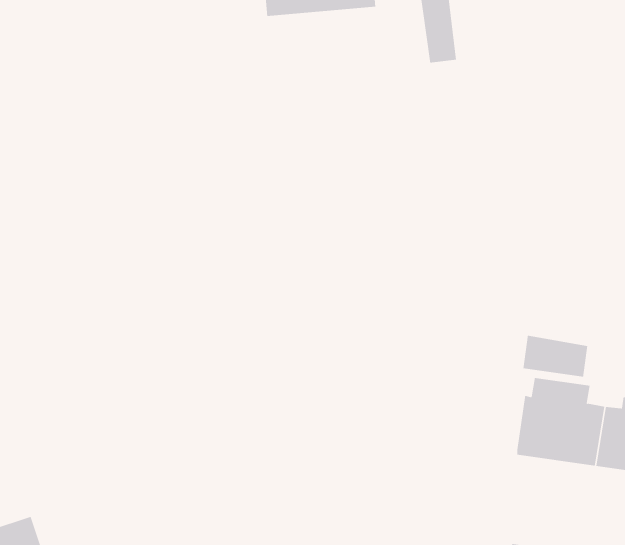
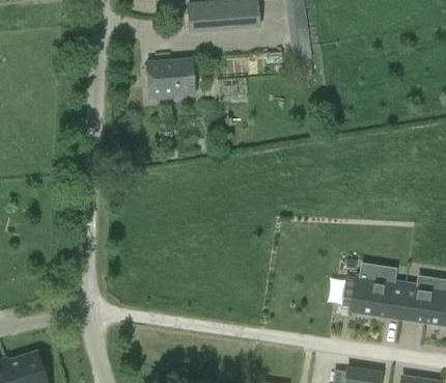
building: none -> [146,58,195,98]
building: [523,335,588,378] -> none

